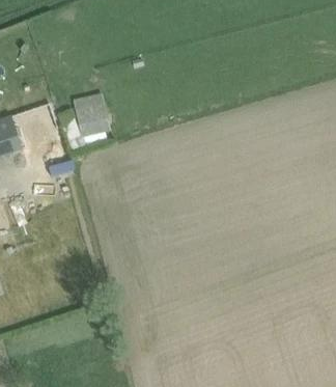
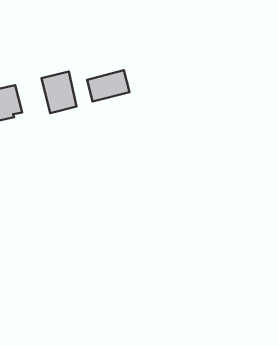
building: none -> [87,70,129,101]

